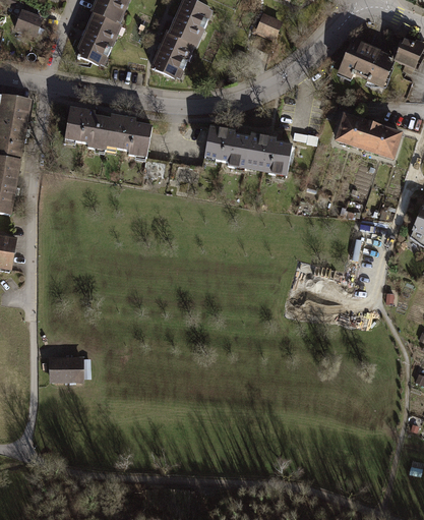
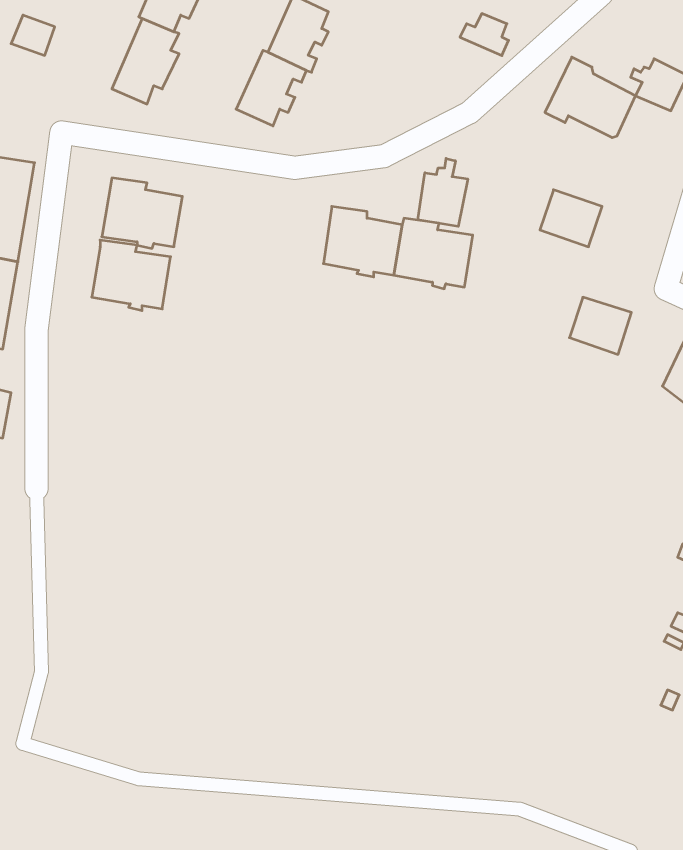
building: [251,16,281,42] -> [460,14,509,56]
building: none -> [418,158,468,226]
building: [114,116,162,159] -> [92,240,171,311]
building: [365,126,403,161] -> [569,297,631,354]
building: [49,356,84,381] -> none

